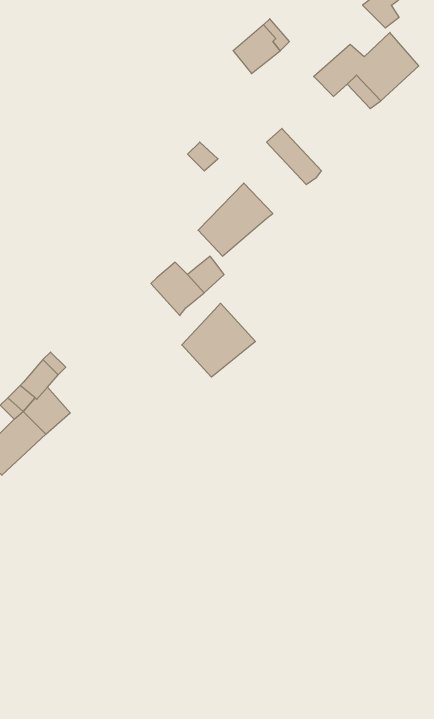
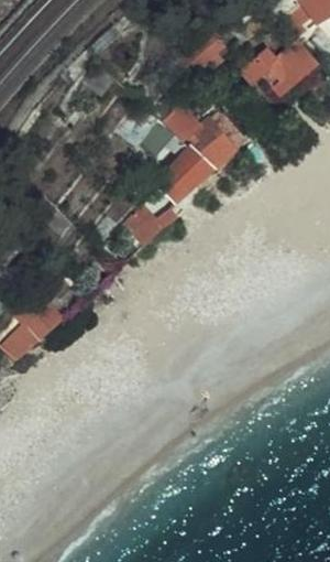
building: none -> [180,119,234,171]
building: [182,303,255,377] -> none

